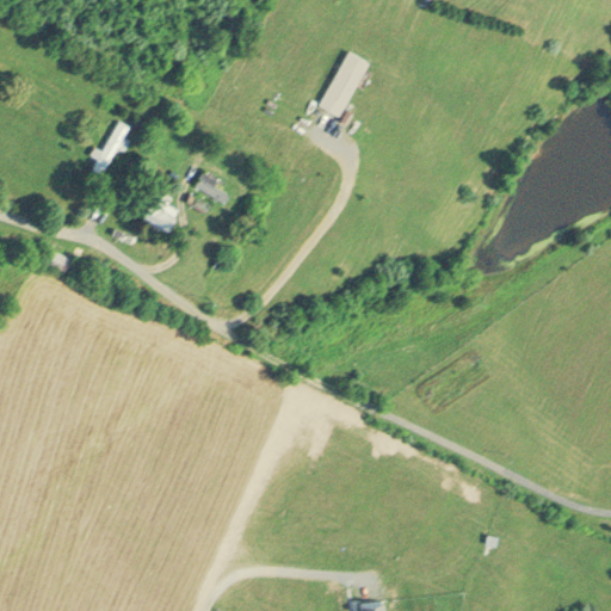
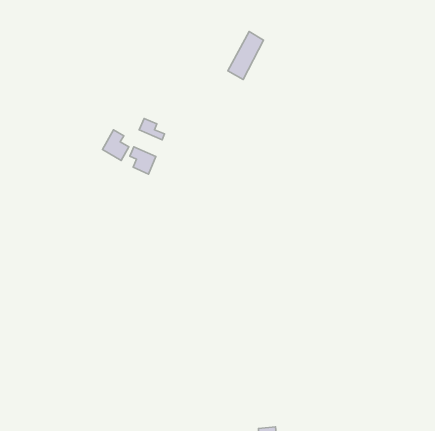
building: [86,122,129,177] -> none
building: none -> [130,147,156,174]

